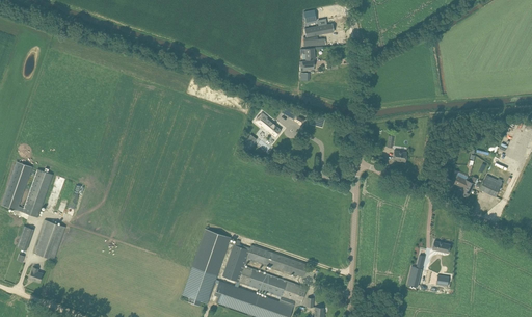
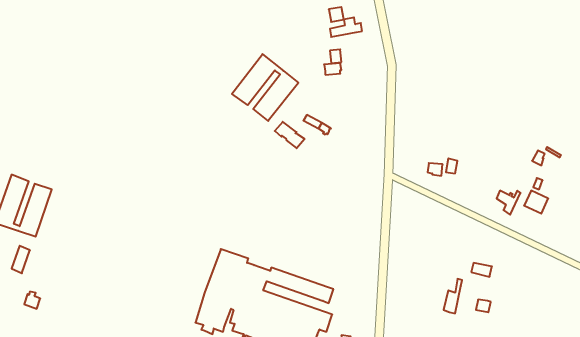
building: none -> [232,54,298,121]
building: [33,219,65,260] -> none

